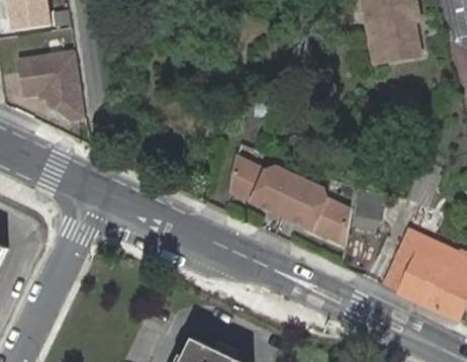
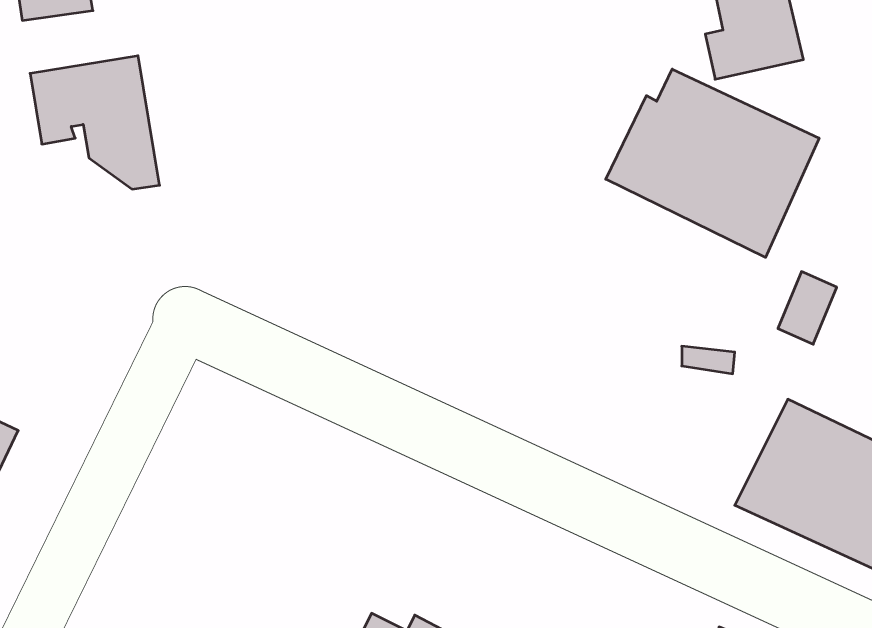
building: none -> [606,69,819,257]
building: [229,156,350,246] -> none

